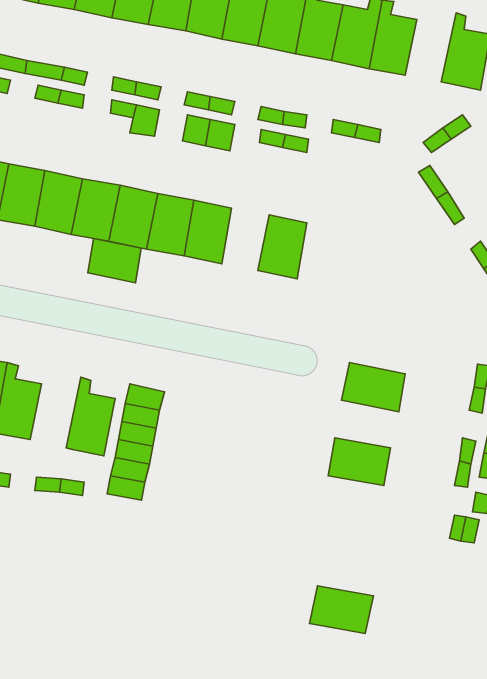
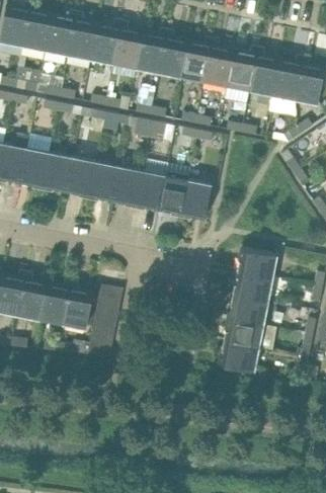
building: none -> [271,56,303,99]
building: none -> [158,177,187,216]
building: [88,238,141,283] -> none
building: none -> [237,249,276,279]
building: none -> [39,280,71,325]
building: none -> [228,296,267,325]
building: [309,586,373,633] -> [219,342,258,372]

